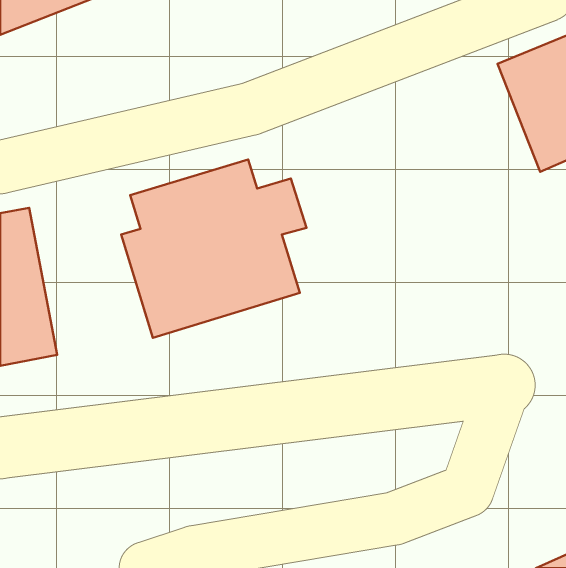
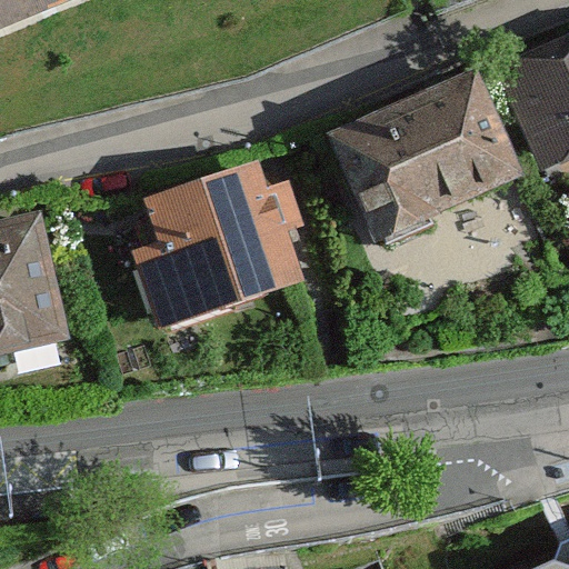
building: none -> [325,61,526,240]

